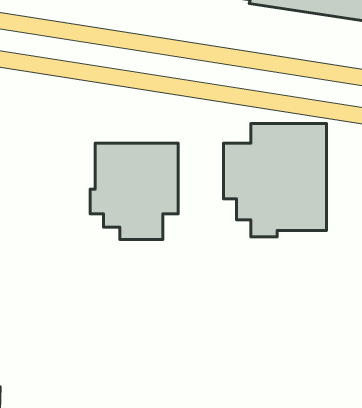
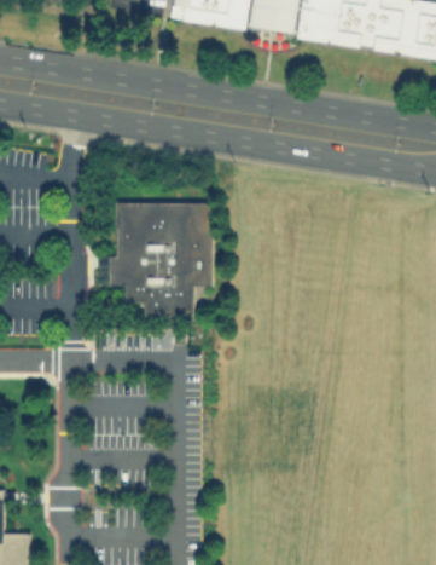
building: [223,124,327,237] -> none

